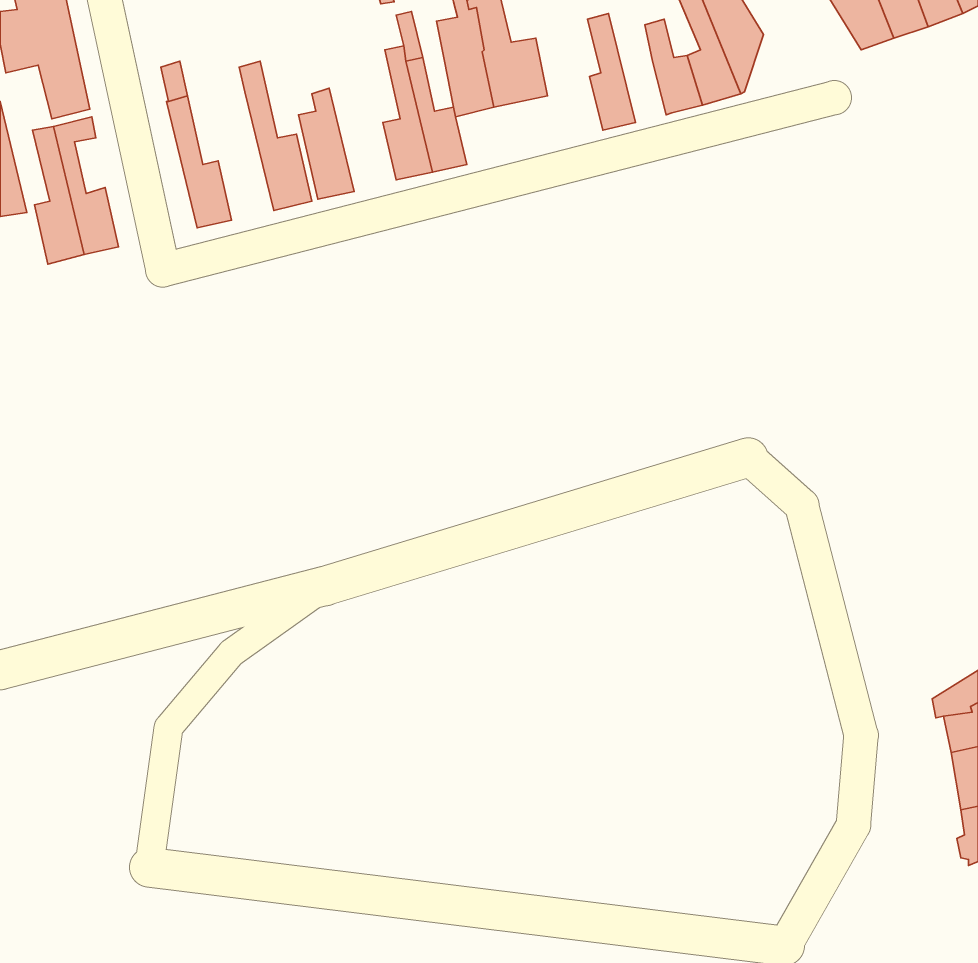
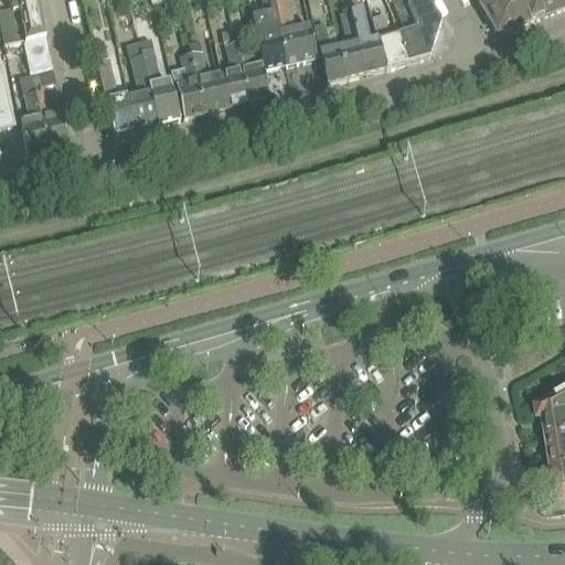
building: none -> [351,6,384,71]
building: none -> [313,20,348,81]
building: none -> [190,49,228,110]
building: none -> [126,53,158,127]

